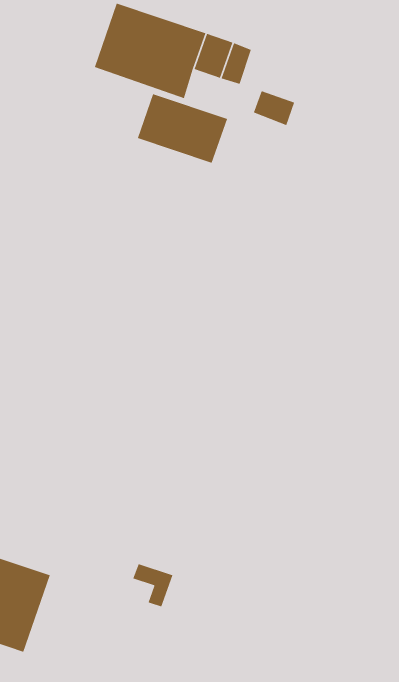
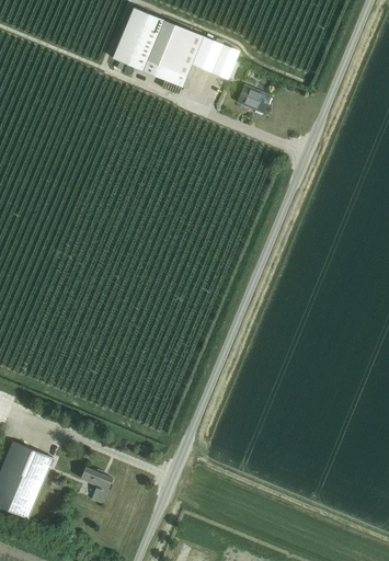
building: [137,93,228,164] -> none
building: [132,563,173,607] -> [79,467,112,503]

